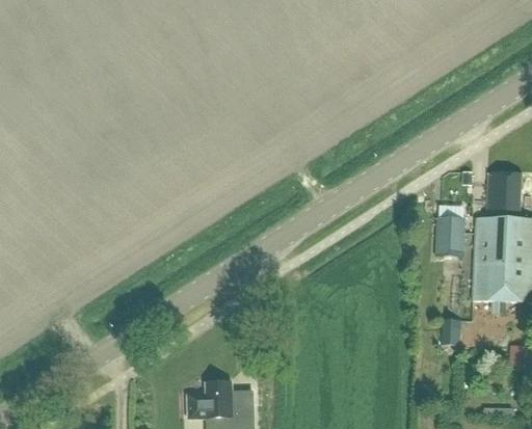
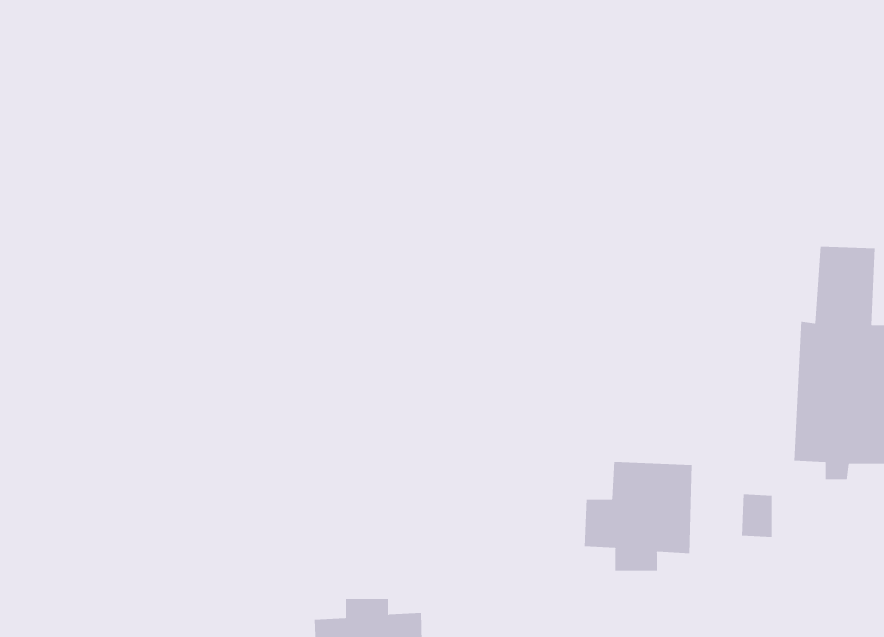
building: [436,217,466,254] -> none
building: none -> [584,461,692,572]

